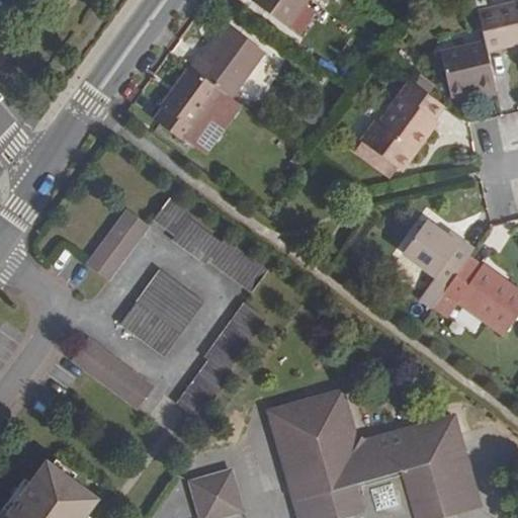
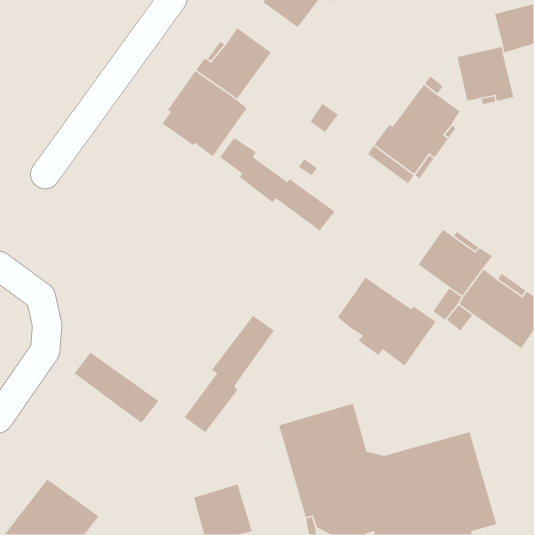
building: [154,199,266,290] -> [219,137,335,232]
building: [86,209,149,280] -> none
building: none -> [337,277,437,367]
building: [119,269,203,355] -> none

